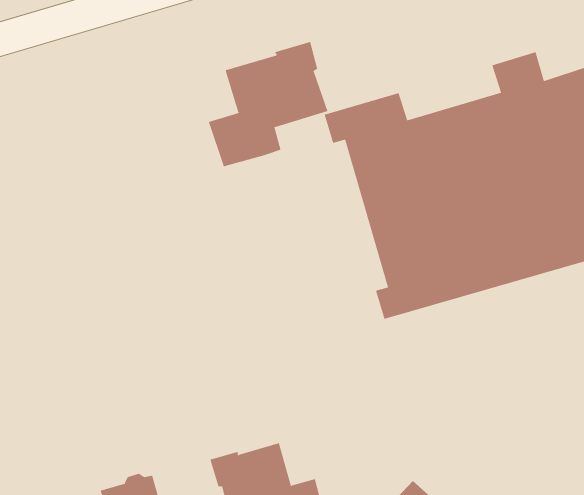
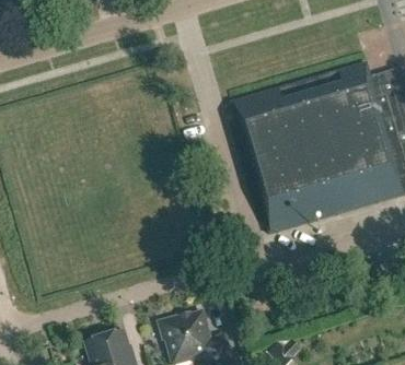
building: [208,41,328,167] -> none

